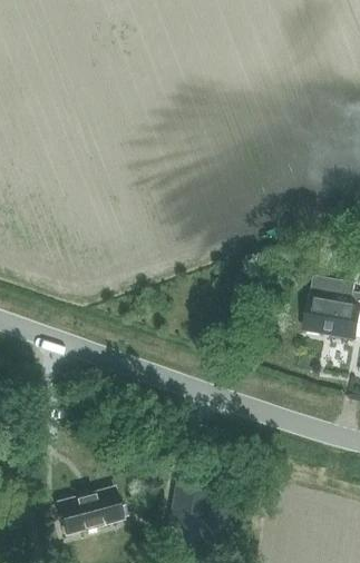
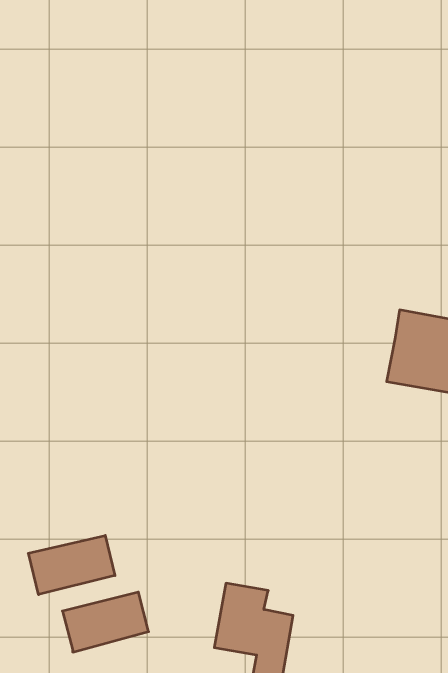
building: none -> [28,535,115,595]

